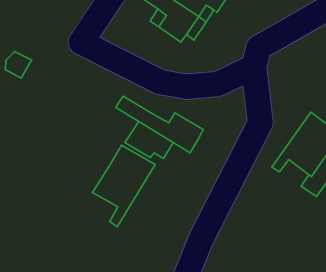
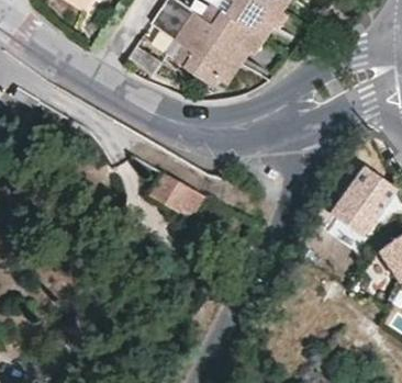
building: [116,96,203,153] -> none
building: [93,145,155,227] -> none

